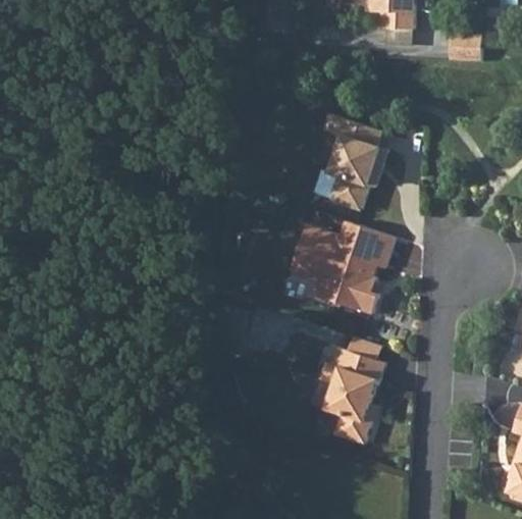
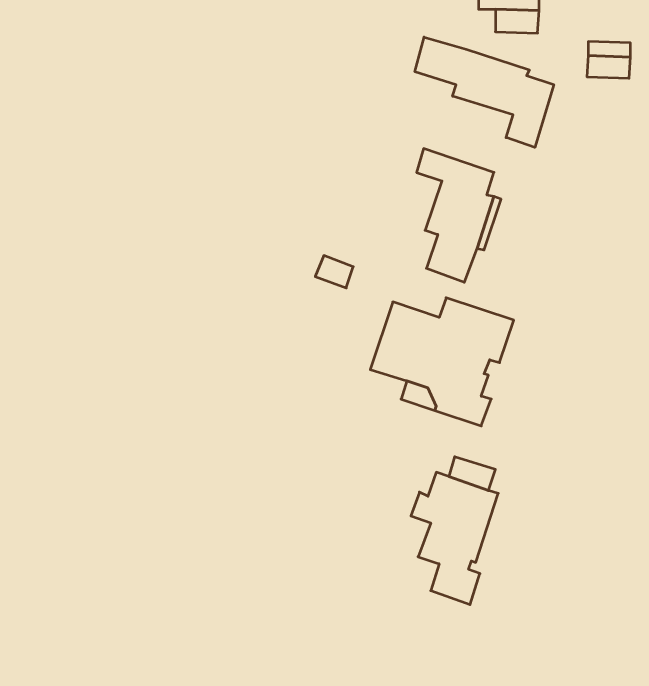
building: none -> [415,37,554,147]

